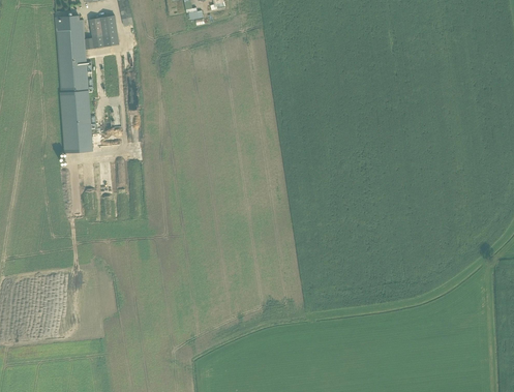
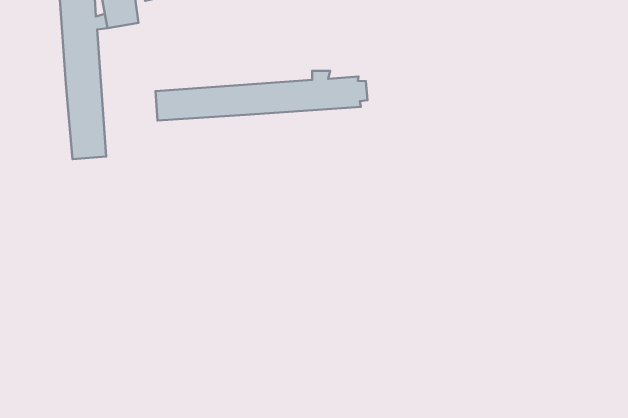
building: none -> [155,71,368,120]

